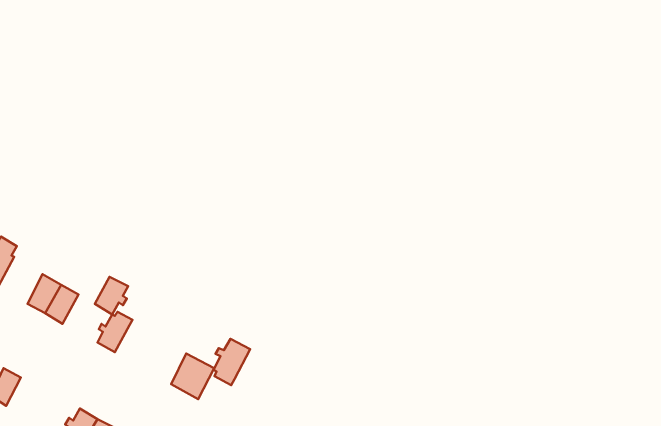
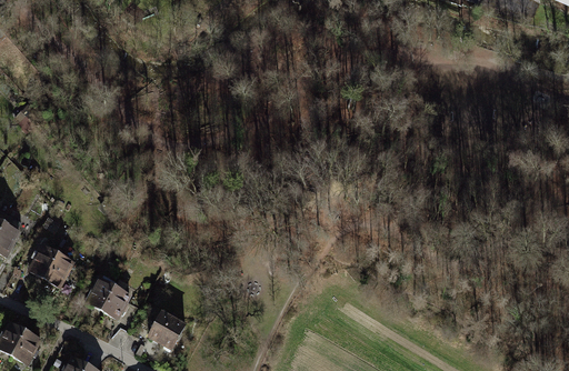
building: [95,277,128,314] -> [102,287,130,318]
building: [214,339,250,385] -> none
building: none -> [12,330,40,362]

